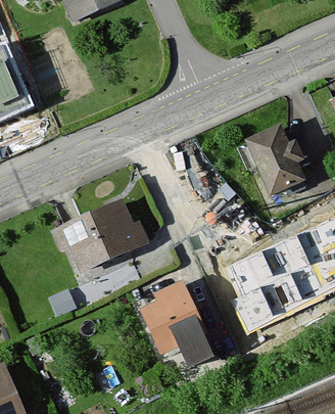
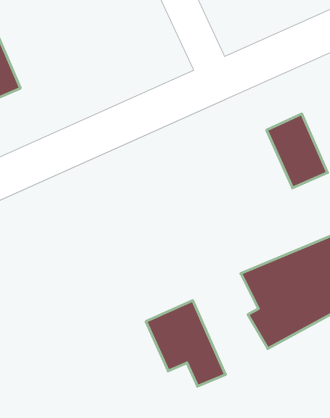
building: [62,199,139,267] -> none

